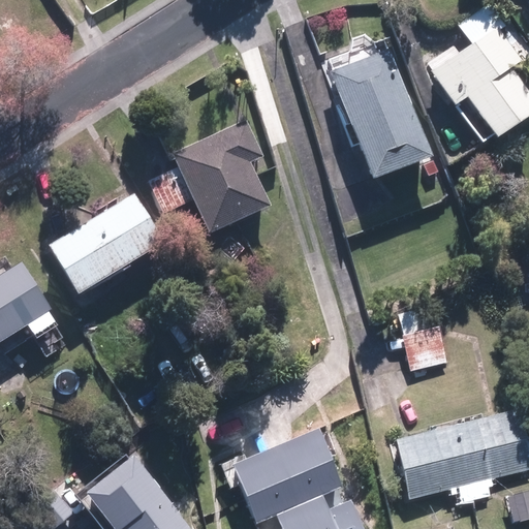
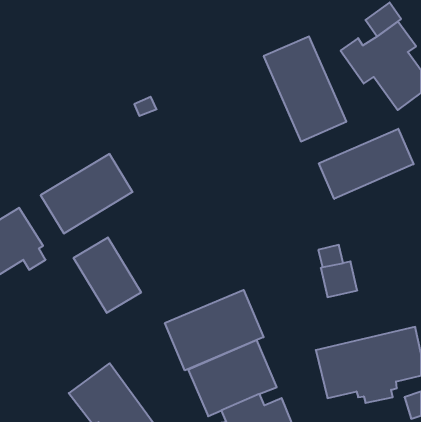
building: [147,121,271,234] -> none
building: none -> [319,129,414,199]
building: none -> [74,237,141,313]
building: none -> [165,290,264,370]

